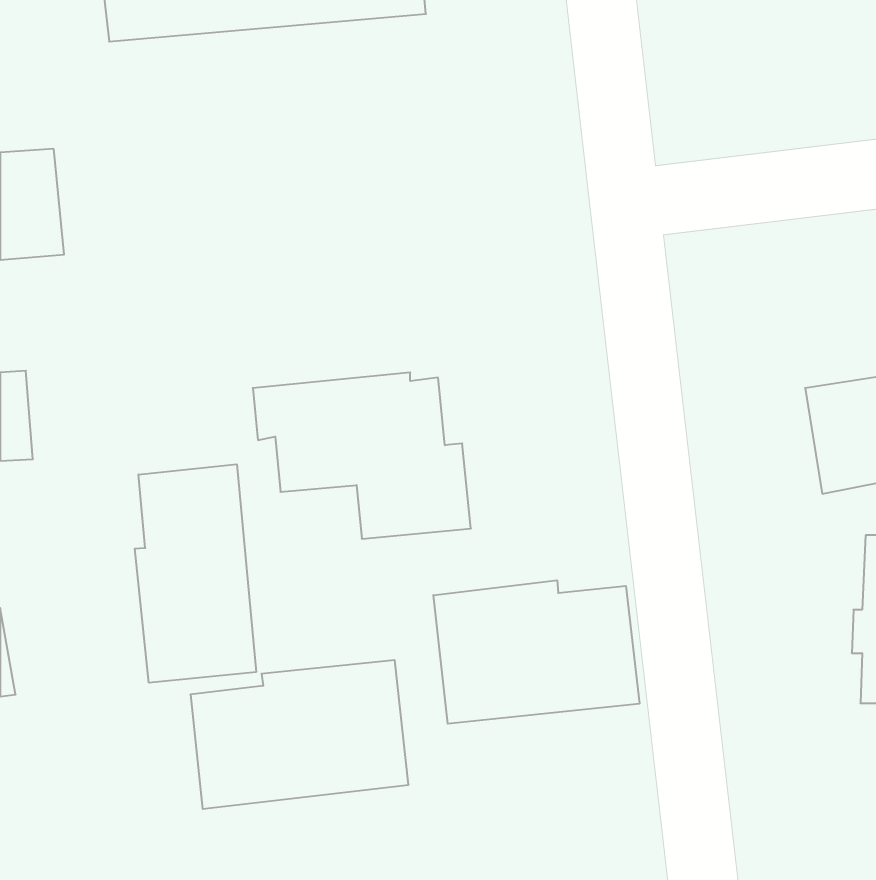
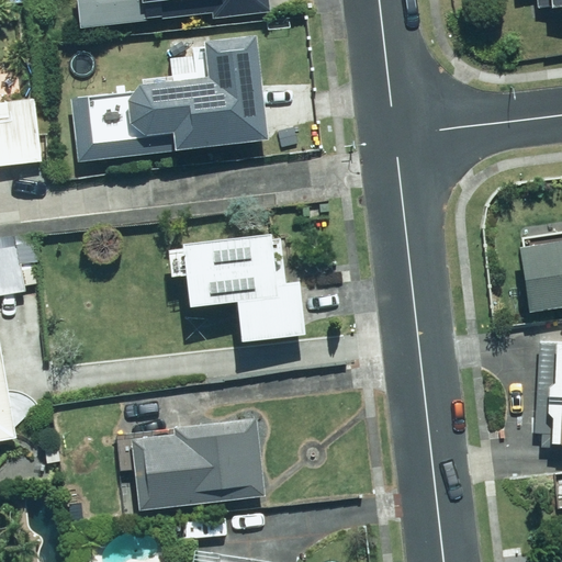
building: none -> [71,34,267,160]
building: [135,464,256,683] -> none
building: [433,580,639,724] -> none

